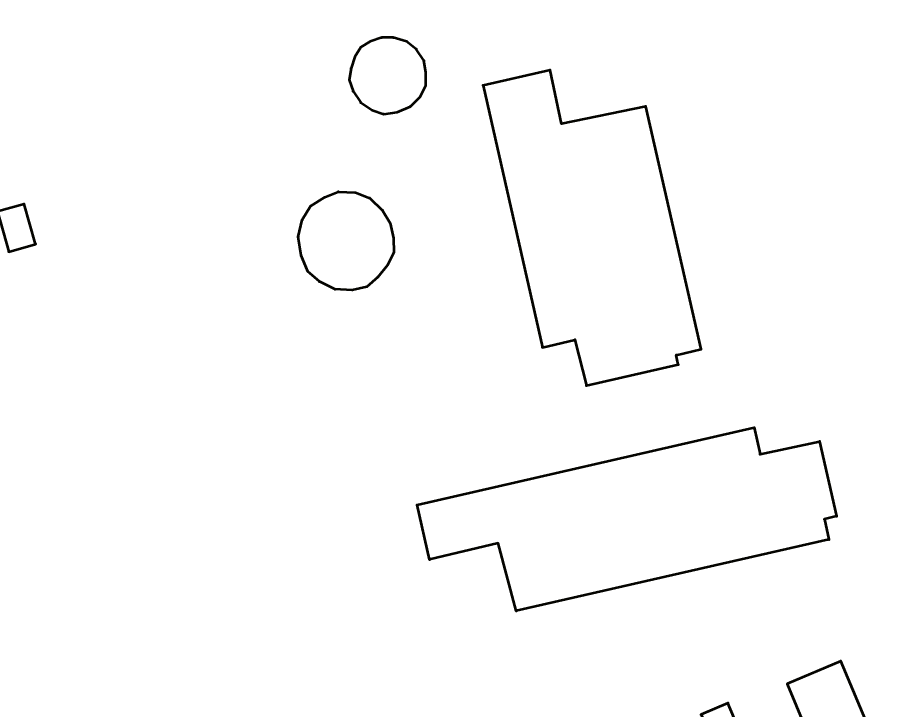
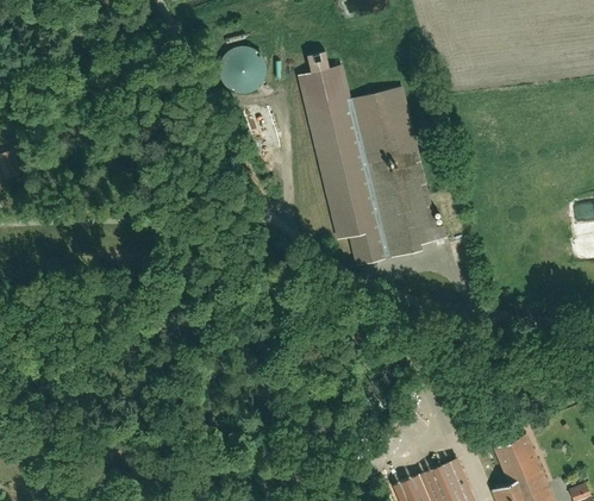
building: [298,192,394,290] -> none
building: [417,428,837,611] -> none

